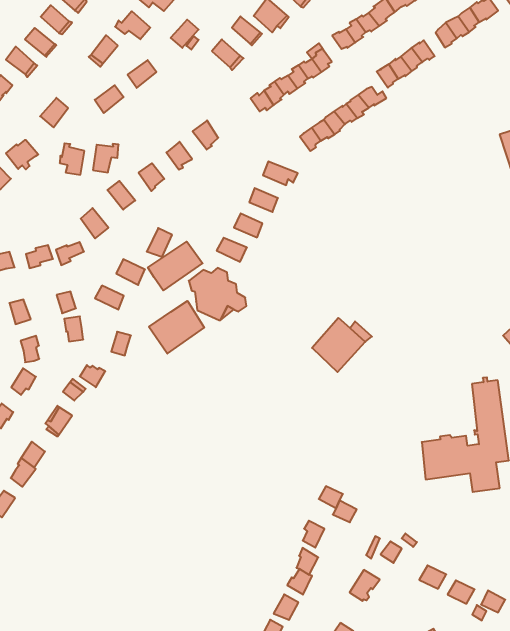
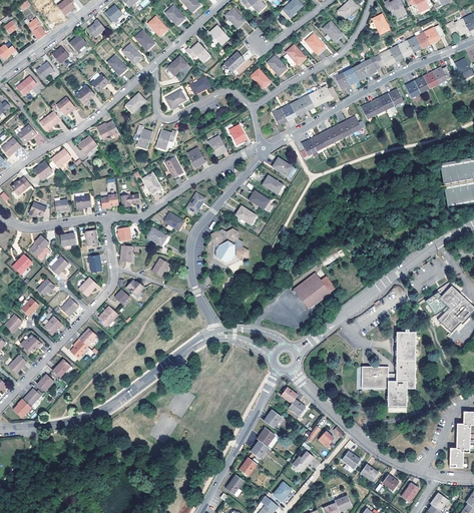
building: [148,242,203,290] -> none
building: [149,301,204,354] -> none

